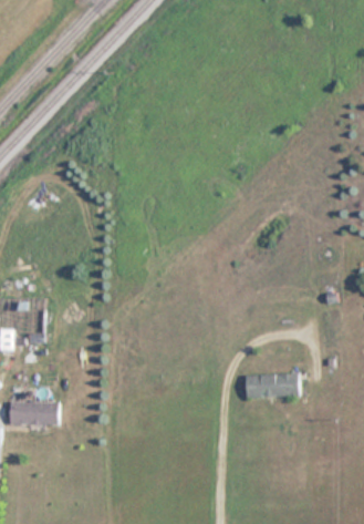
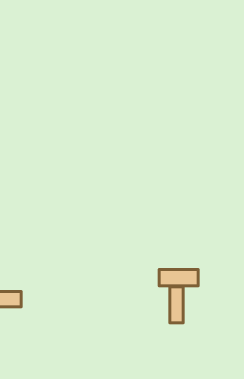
building: none -> [170,287,183,323]

